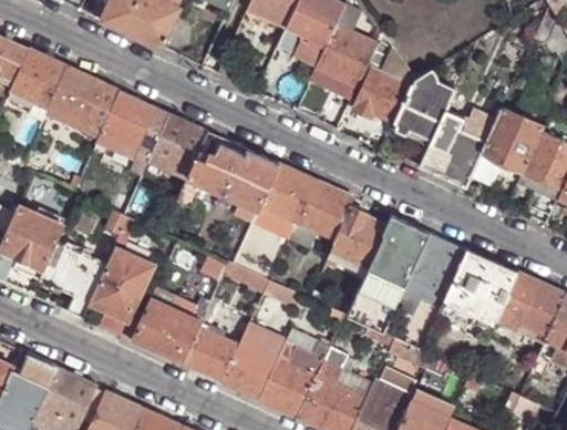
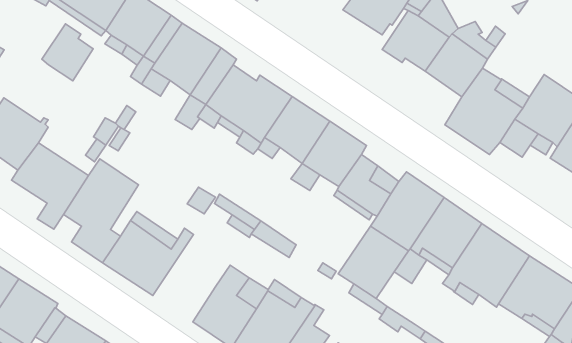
building: none -> [42,24,93,81]
building: [181,321,236,380] -> none

